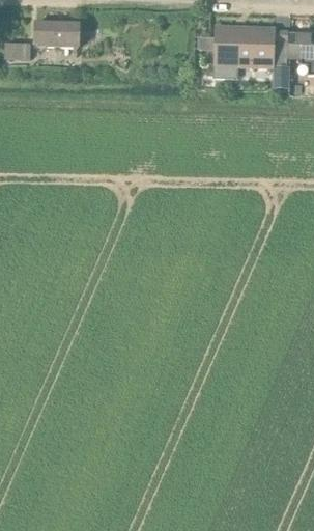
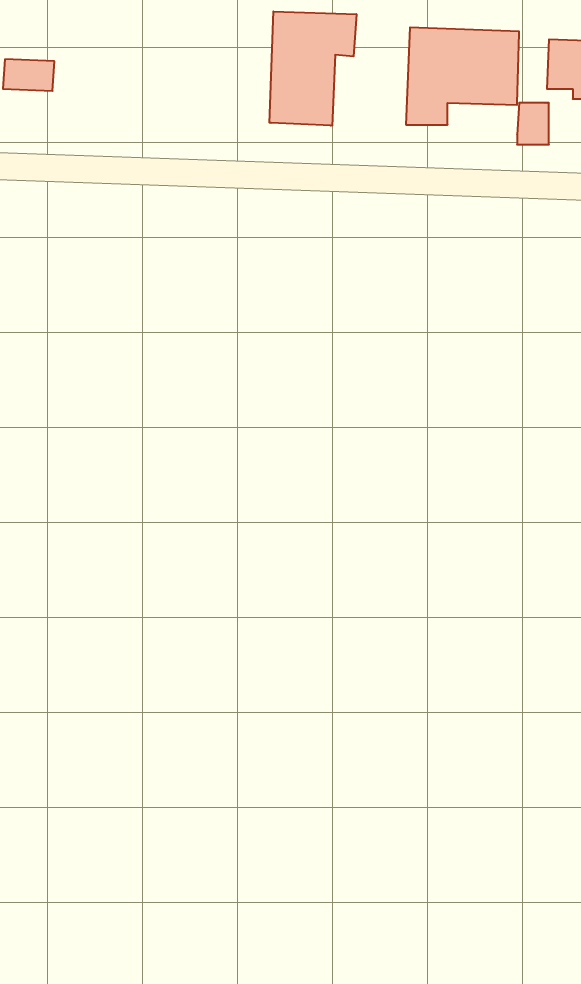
building: none -> [269,11,356,126]
building: [32,21,79,46] -> none

